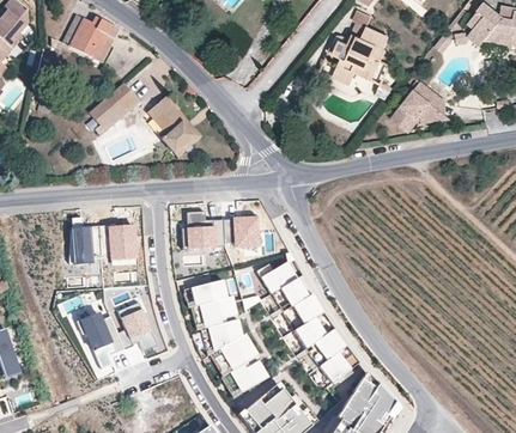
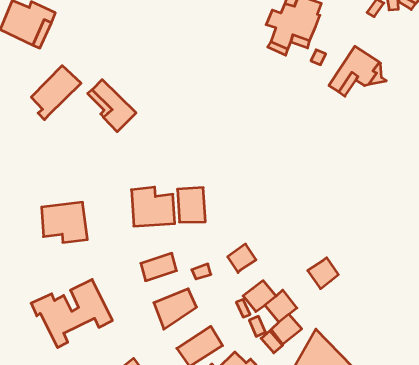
building: [162,94,202,158] -> none
building: [71,215,93,262] -> none
building: [259,258,297,292] -> none
building: [290,289,321,321] -> [308,258,338,289]
building: [189,297,236,330] -> none
building: [208,336,256,377] -> none

